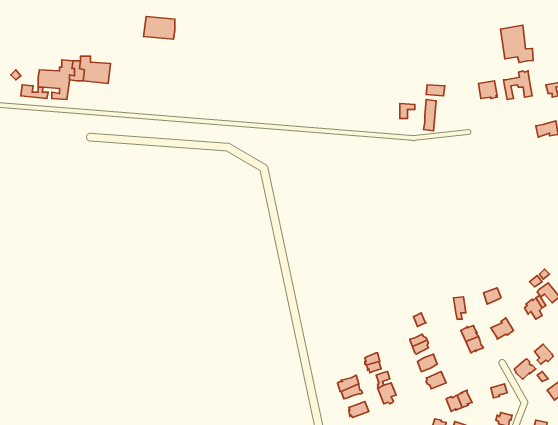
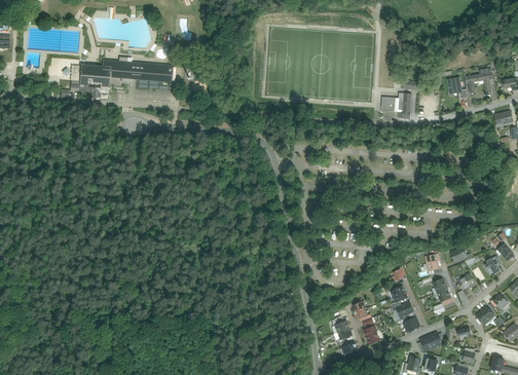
building: [144,17,175,39] -> [142,64,168,82]
building: [500,25,533,63] -> none

